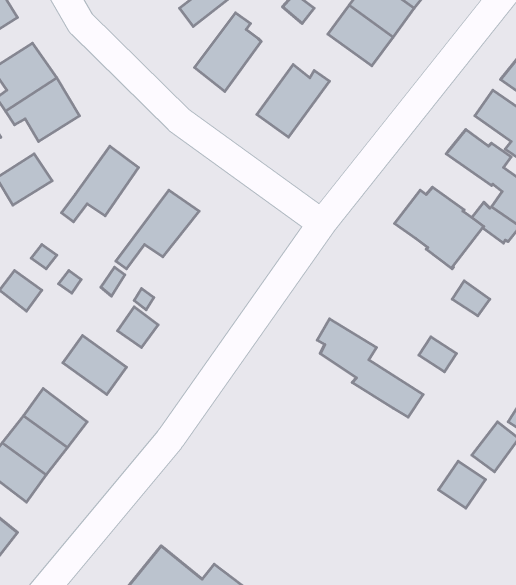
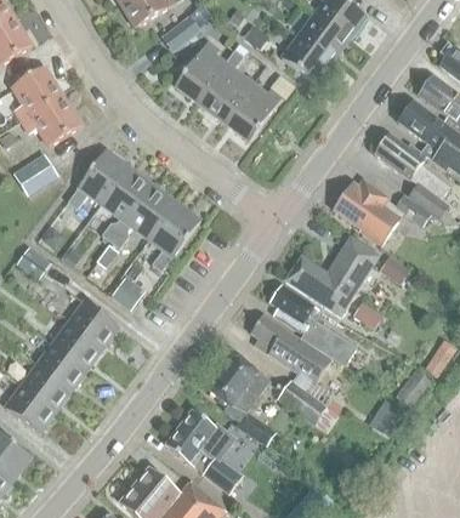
building: none -> [197,50,251,123]
building: none -> [100,165,152,240]
building: none -> [147,200,199,269]
building: none -> [284,238,377,315]
building: none -> [249,315,331,385]
building: none -> [51,321,102,369]
building: none -> [206,354,272,444]
building: none -> [277,381,326,427]
building: none -> [164,411,239,491]

